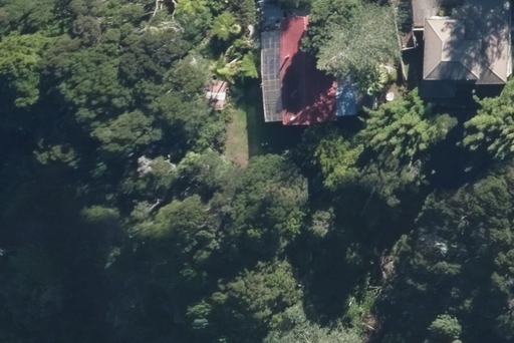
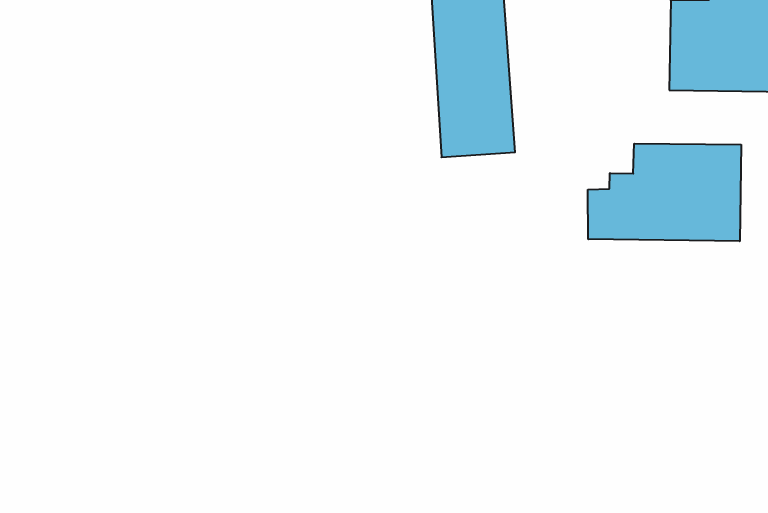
building: none -> [588,144,741,241]

